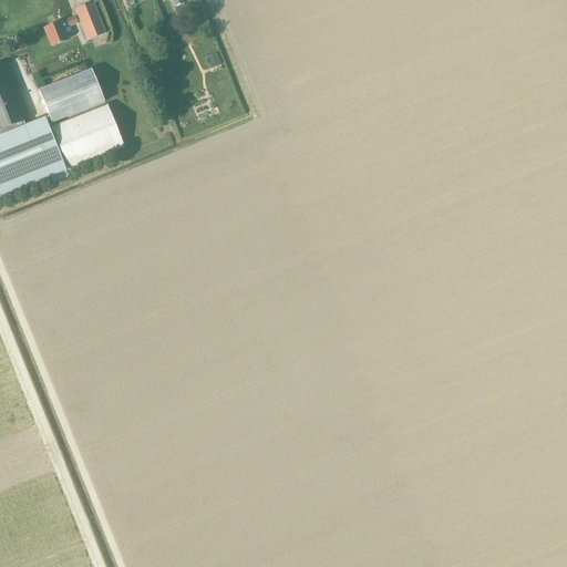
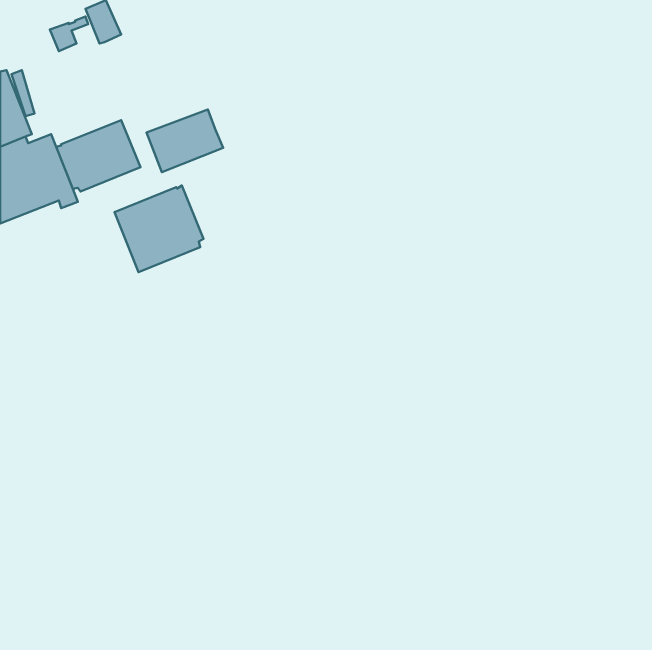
building: [38,68,104,122] -> [147,110,223,172]
building: none -> [115,186,204,272]

